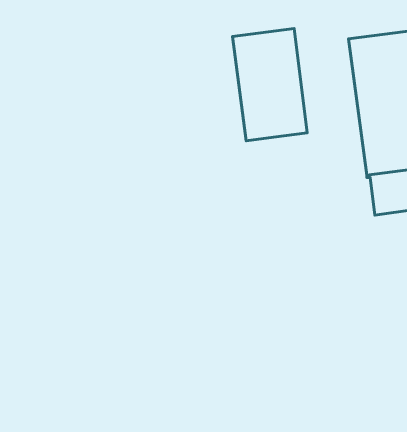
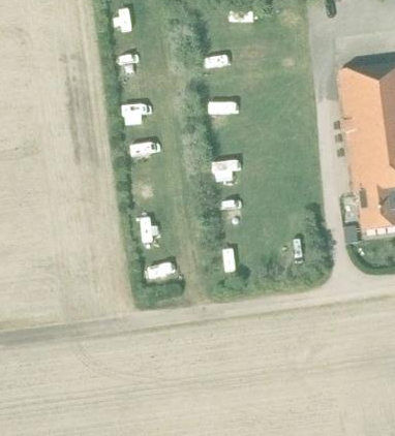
building: [232,28,307,141] -> none

